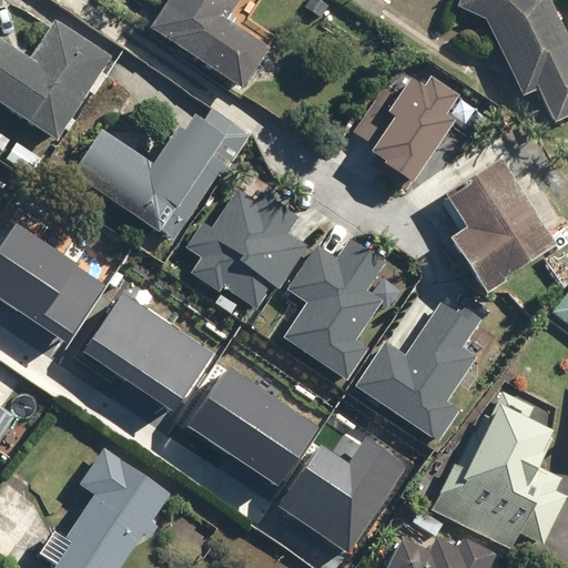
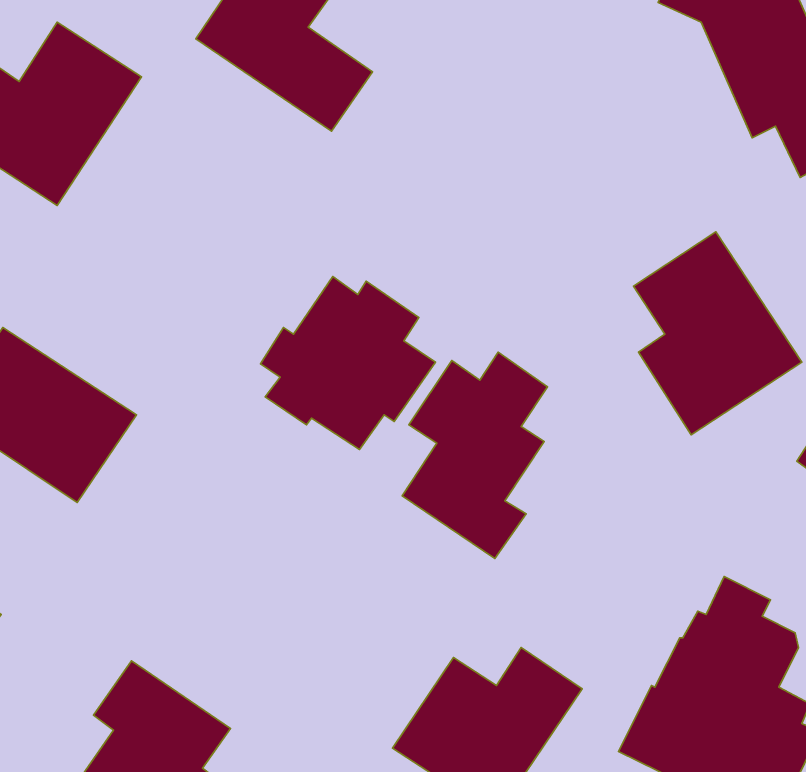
building: [352,79,468,182] -> none
building: [69,106,253,242] -> none
building: [85,294,213,410] -> none
building: [357,296,483,439] -> none
building: [189,366,320,487] -> none

